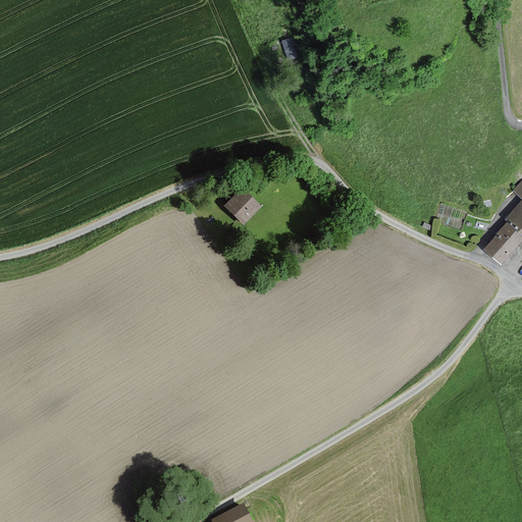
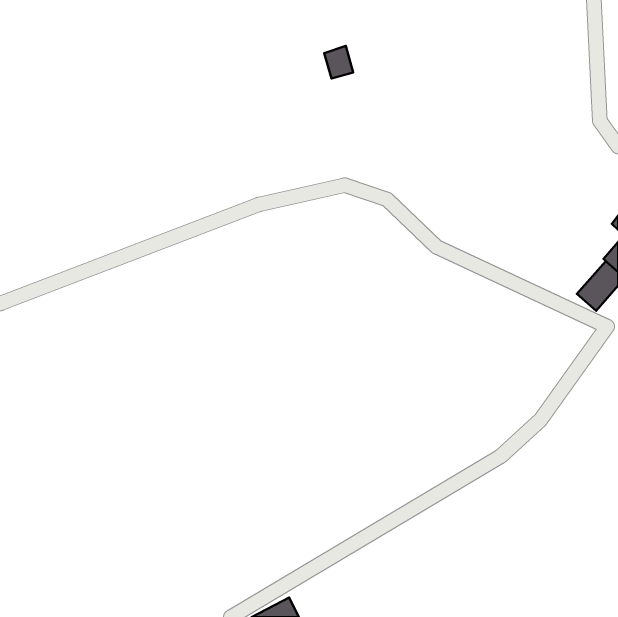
building: [224,188,259,222] -> none

